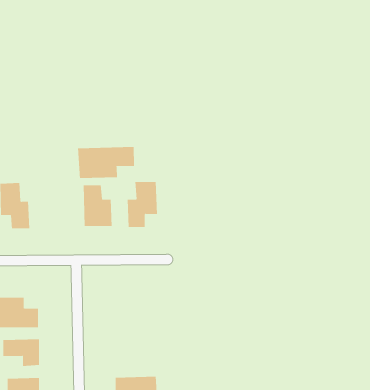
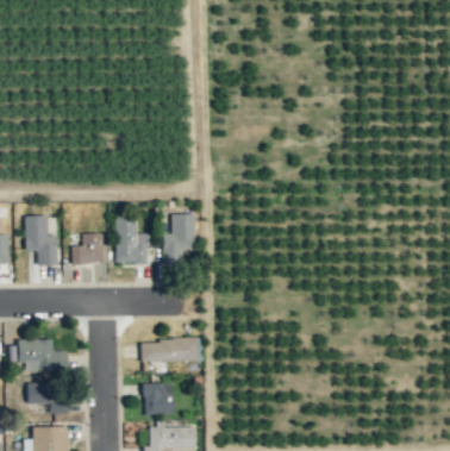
building: [77,146,135,179] -> none
building: none -> [73,233,104,264]
building: none -> [142,339,198,362]
building: none -> [144,383,174,414]

